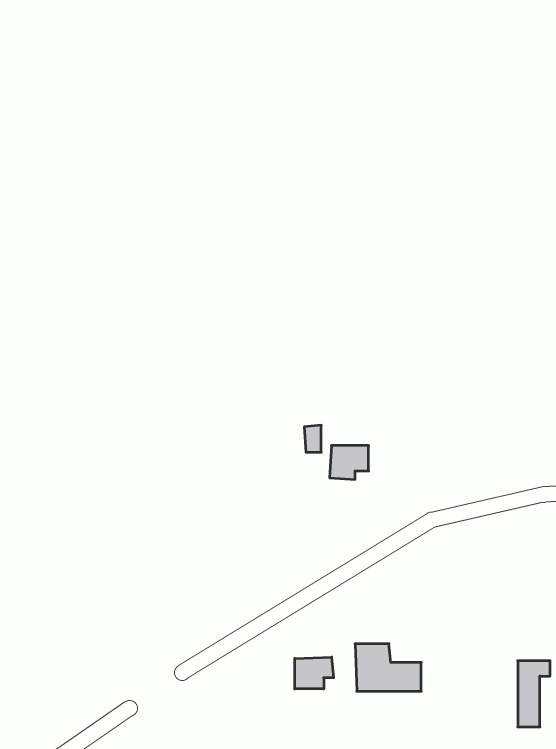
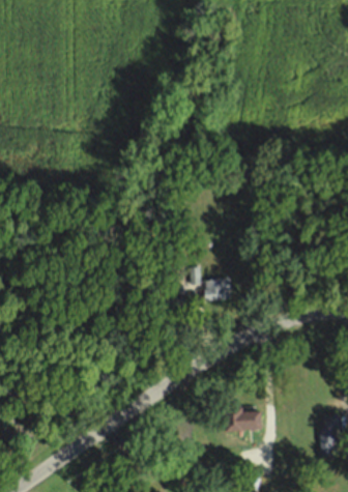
building: [295,657,334,689] -> none

